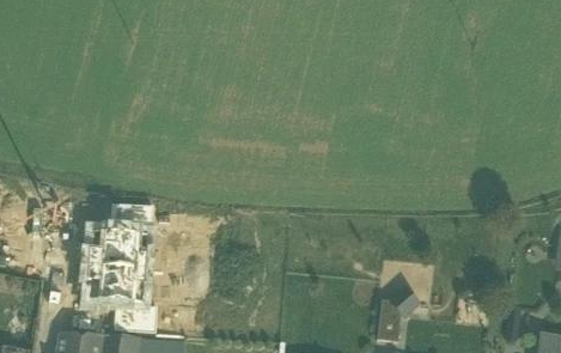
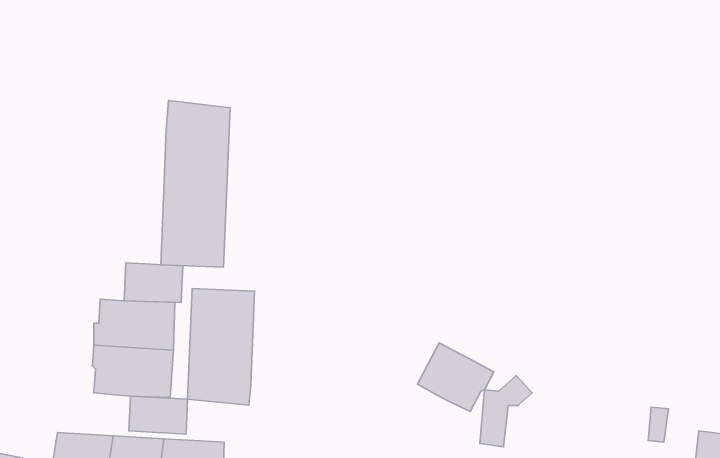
building: none -> [161,100,230,267]
building: none -> [188,289,254,405]
building: none -> [418,343,494,412]

